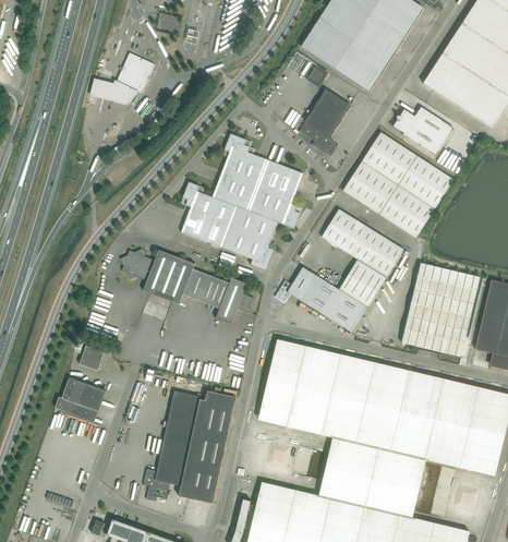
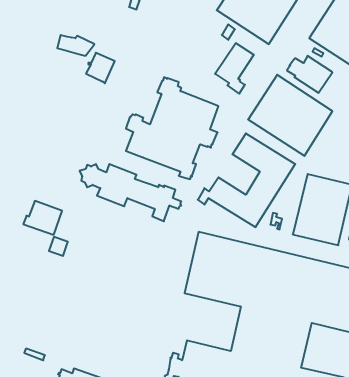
building: [117,53,155,94] -> [86,53,115,83]
building: [55,377,106,422] -> [23,201,62,235]
building: [144,390,237,504] -> none

